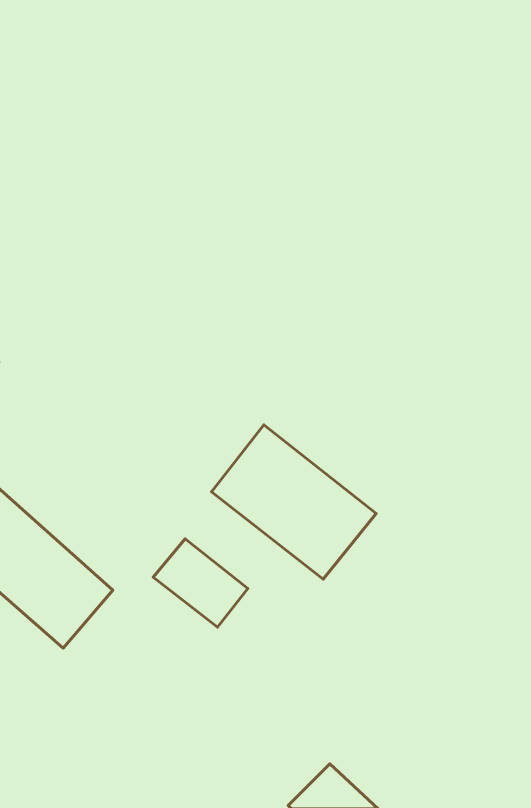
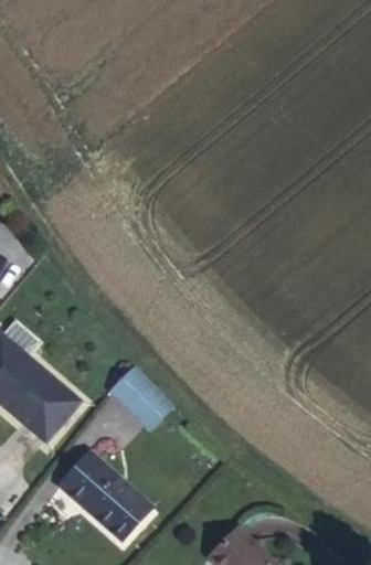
building: [211,425,376,579] -> none
building: none -> [59,446,148,537]

